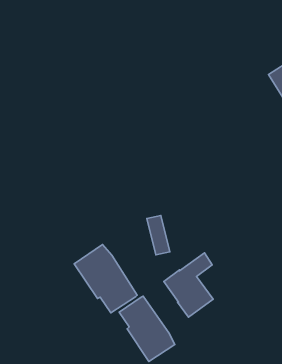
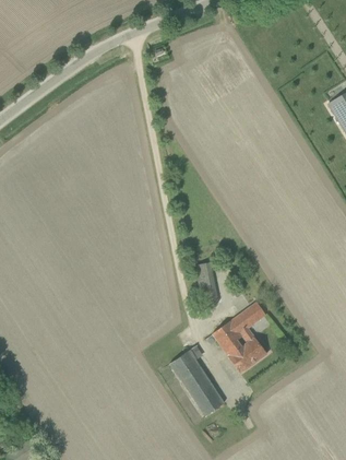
building: [74,245,137,313] -> none

